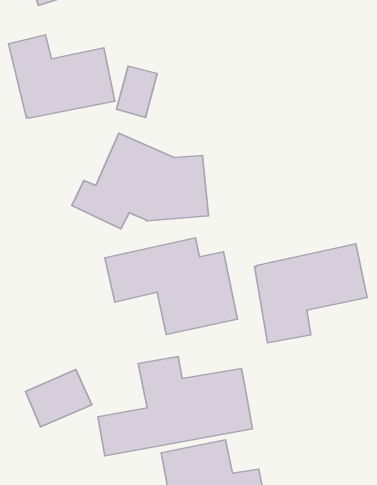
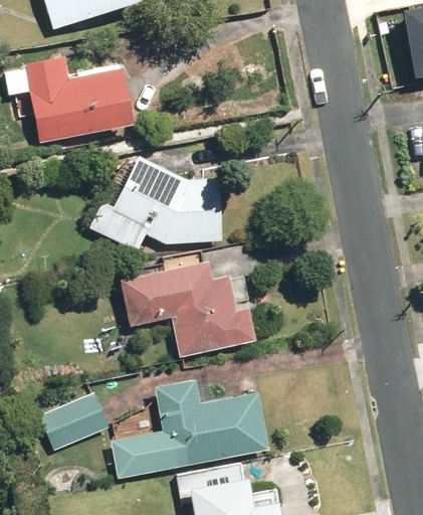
building: [116,66,157,117] -> none
building: [255,244,367,343] -> none

